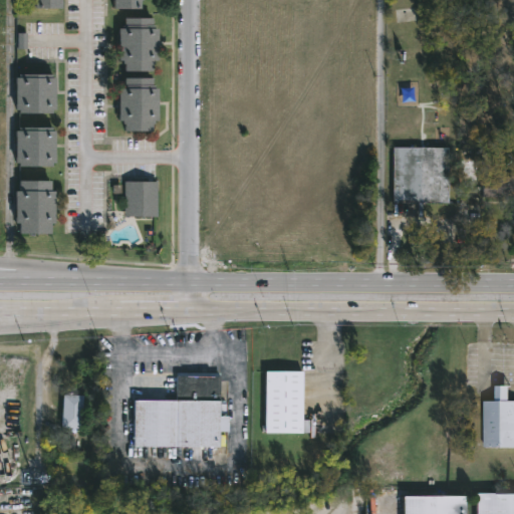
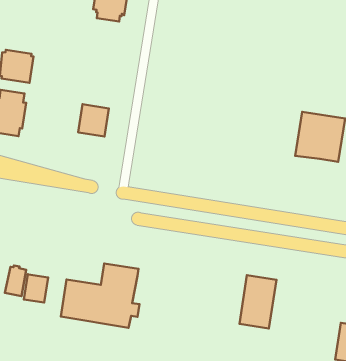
building: [15,75,55,115] -> none
building: [119,79,158,134] -> none
building: [269,370,306,432] -> [239,275,276,328]
building: none -> [24,274,48,303]

